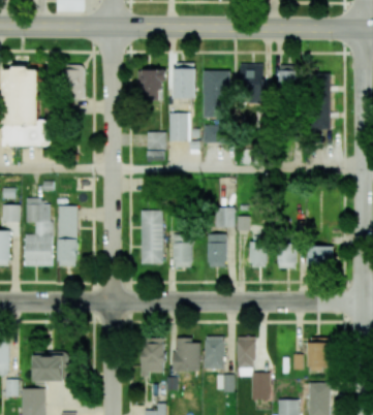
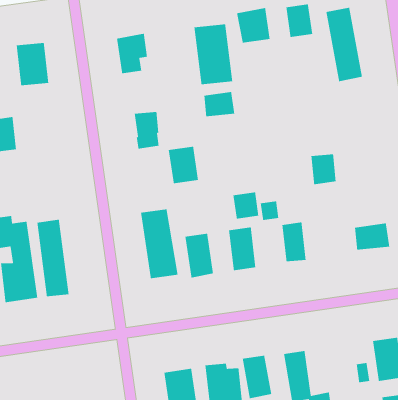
building: [174,64,195,99] -> none
building: [168,114,189,141] -> [168,146,199,184]
building: [276,245,296,268] -> [310,153,337,185]

